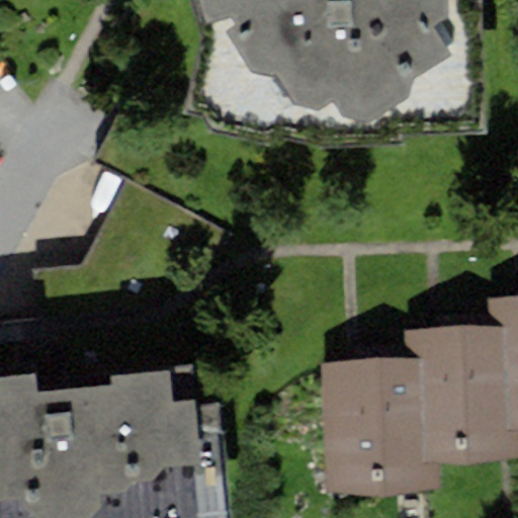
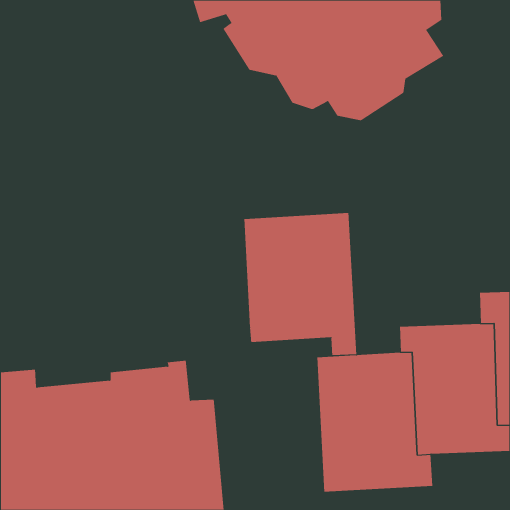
building: none -> [244,212,357,356]

